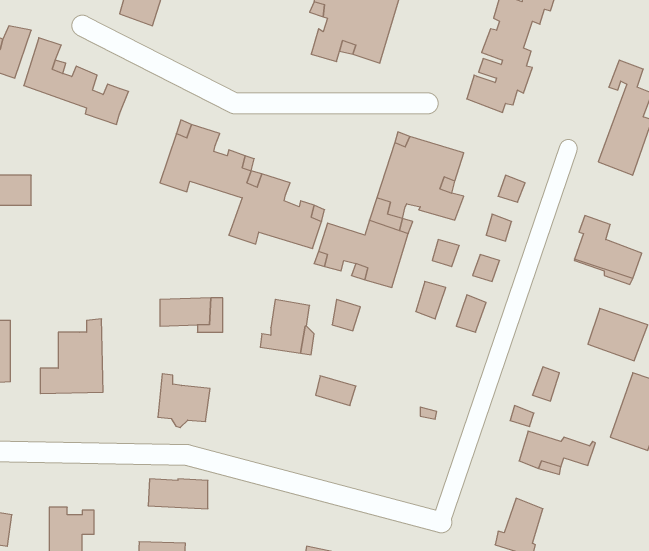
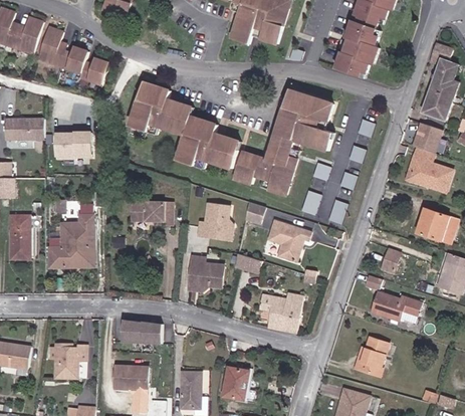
building: none -> [416,121,445,150]
building: none -> [62,128,100,156]
building: none -> [267,220,310,261]
building: [158,374,210,428] -> [188,255,223,291]
building: none -> [258,291,302,332]

